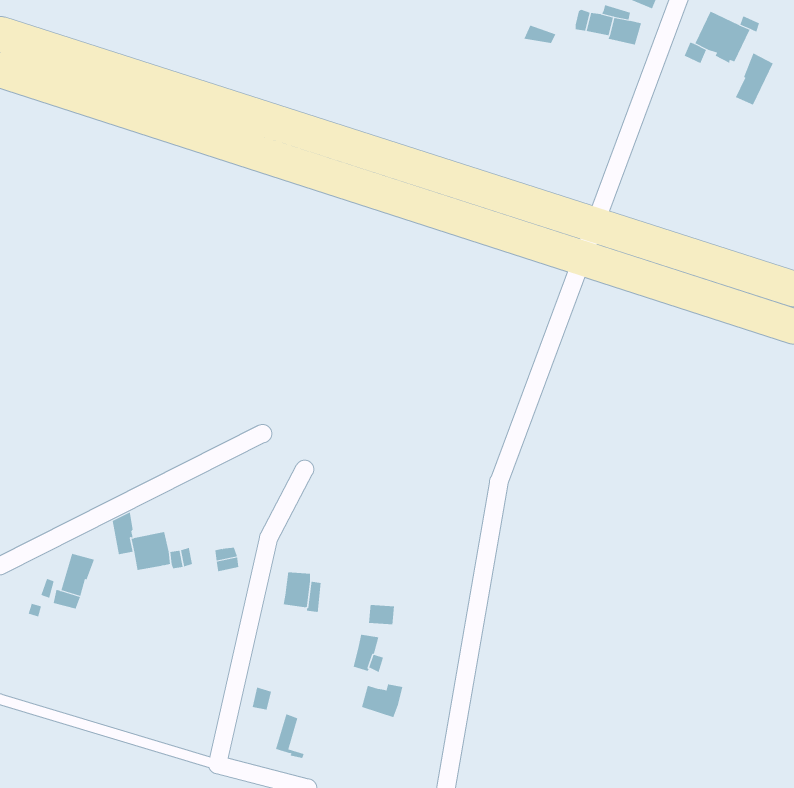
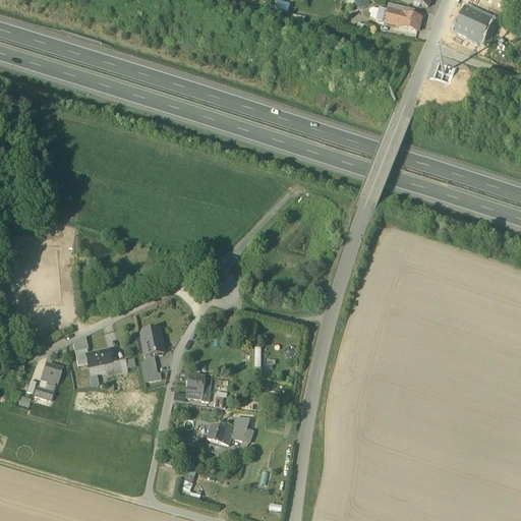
building: [735,53,774,106] -> none
building: none -> [140,327,163,355]
building: [361,684,403,718] -> [207,422,234,445]

